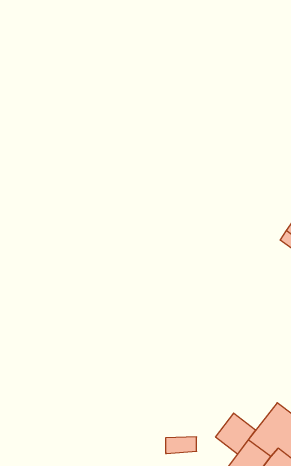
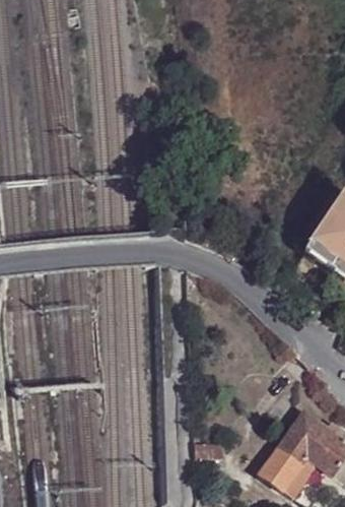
building: [216,413,256,454] -> none

